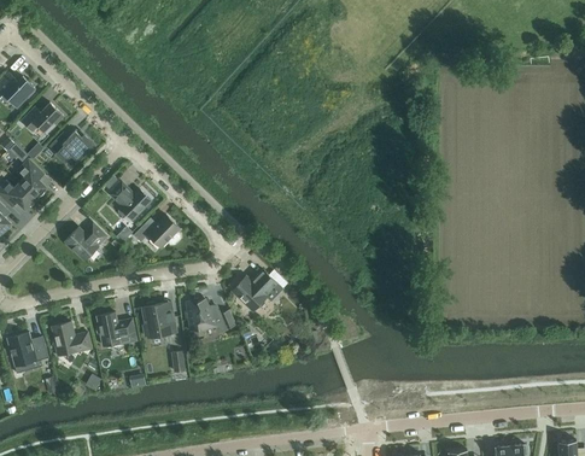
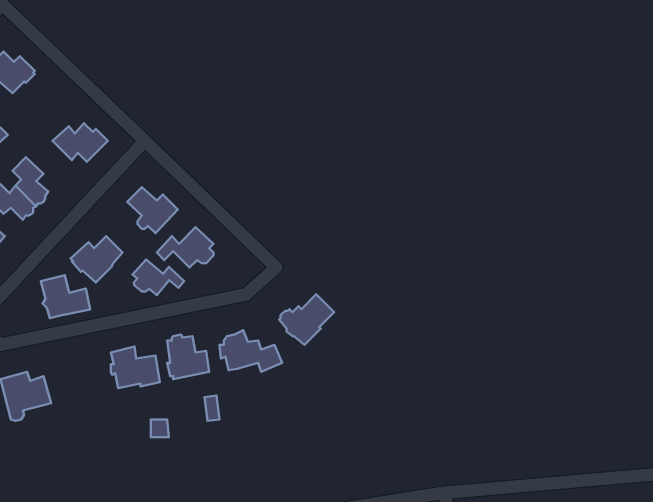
building: [21,103,64,133] -> none
building: none -> [133,260,184,295]
building: [52,322,92,357] -> [41,275,90,318]

